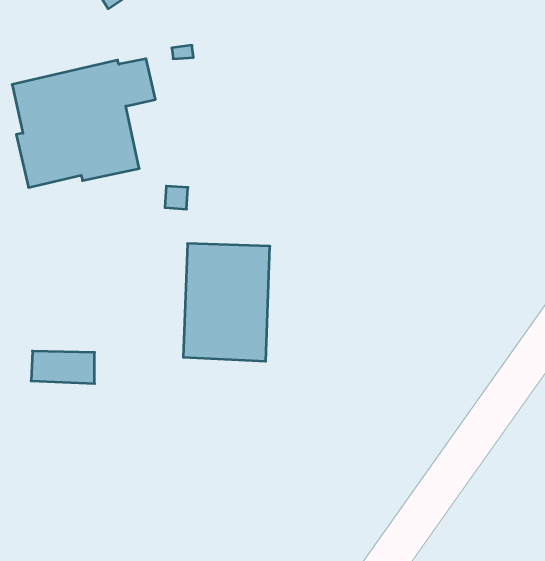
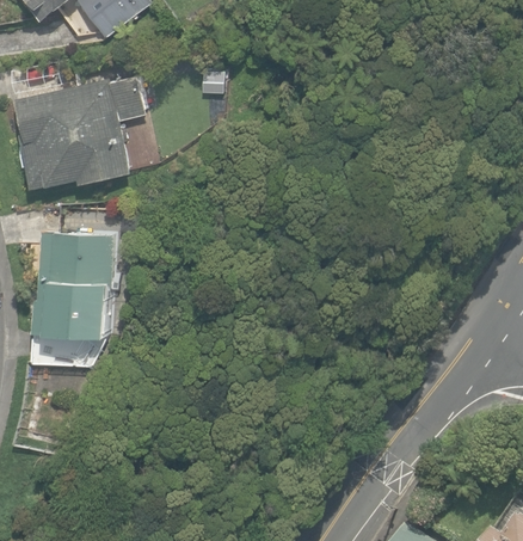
building: [183,244,270,361] -> [37,230,113,334]

